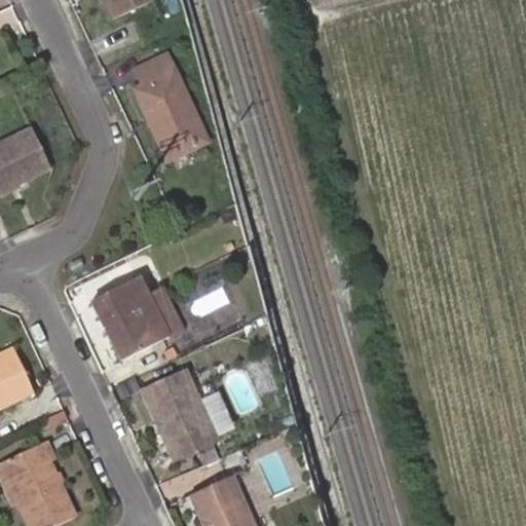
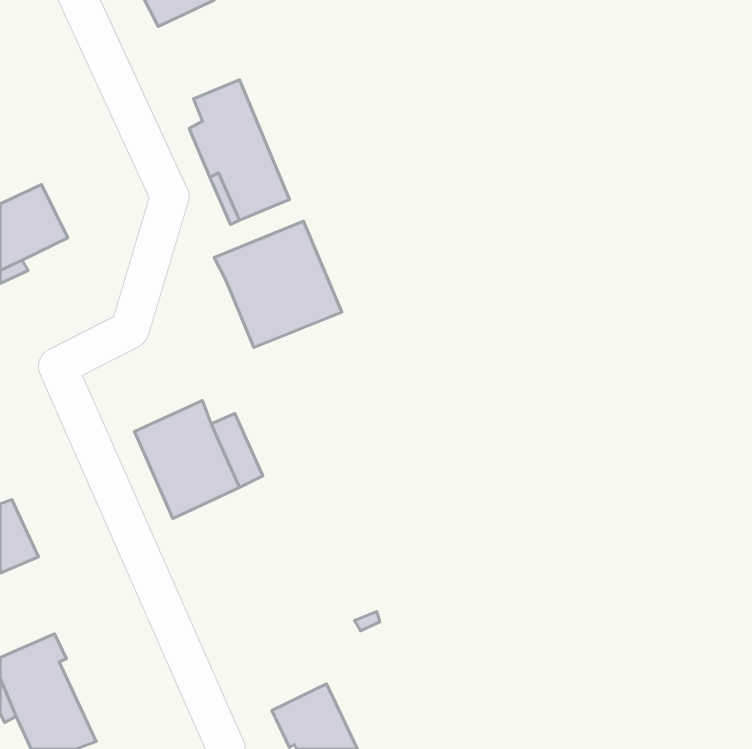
building: none -> [214,221,342,347]
building: [142,369,216,458] -> none

